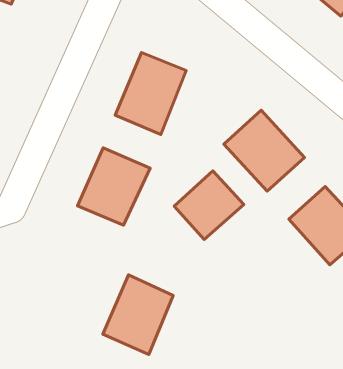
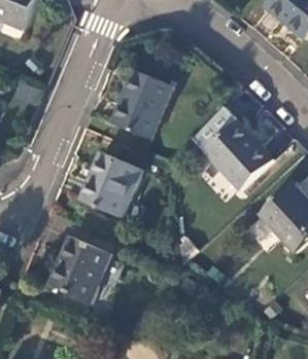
building: [174,171,244,239] -> none
building: [103,275,173,355] -> [49,235,109,302]

